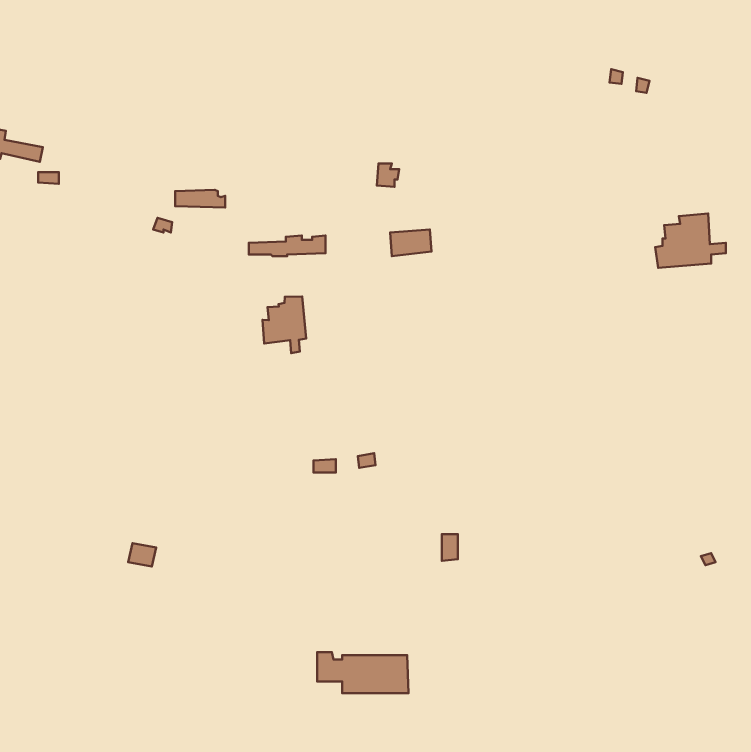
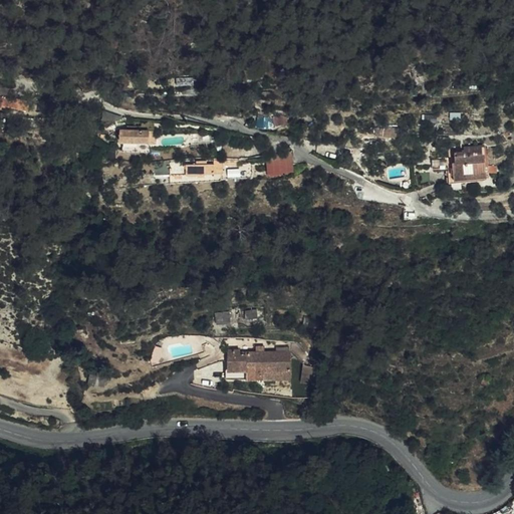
building: [262,296,306,353] -> none
building: [317,652,409,693] -> [228,350,290,378]

